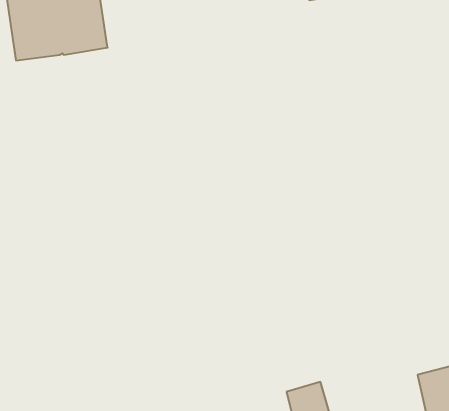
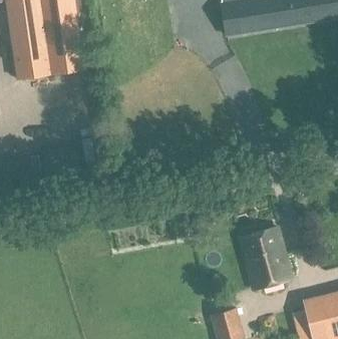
building: none -> [239,227,291,288]

